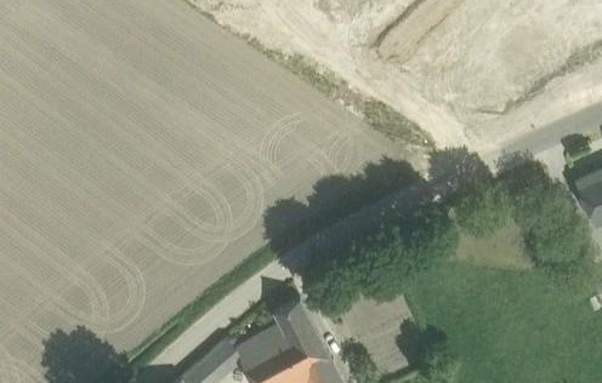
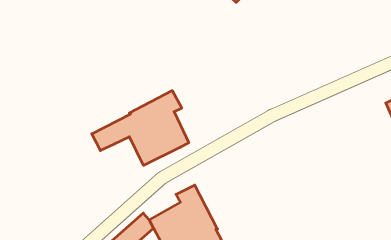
building: none -> [92,91,189,165]

